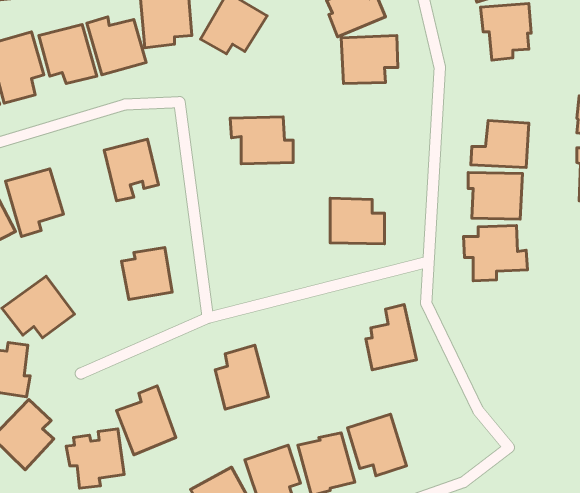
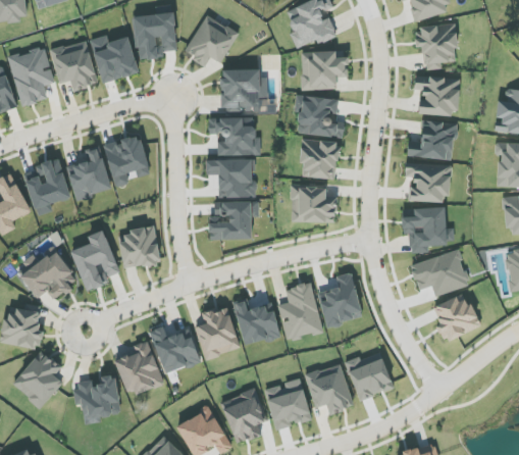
building: none -> [220,68,266,109]
building: none -> [414,75,459,113]
building: none -> [297,95,344,136]
building: none -> [300,139,339,178]
building: none -> [67,145,111,199]
building: none -> [206,158,256,196]
building: none -> [209,200,259,239]
building: none -> [70,229,119,291]
building: none -> [410,249,468,295]
building: none -> [277,282,323,340]
building: none -> [432,292,478,341]
building: none -> [232,297,280,345]
building: none -> [149,325,199,373]
building: none -> [345,352,394,400]

